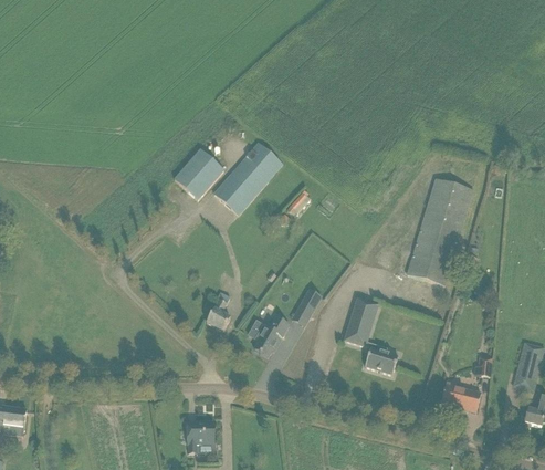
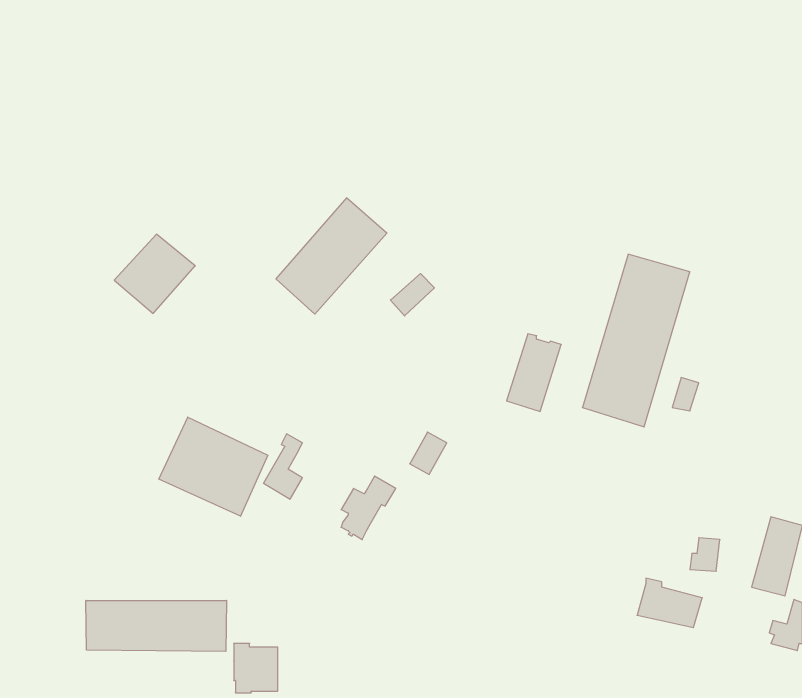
building: [174,149,224,199] -> [114,234,195,313]
building: none -> [159,417,268,516]
building: [344,297,378,346] -> [507,334,561,411]
building: [365,345,398,374] -> none
building: none -> [86,600,227,651]

